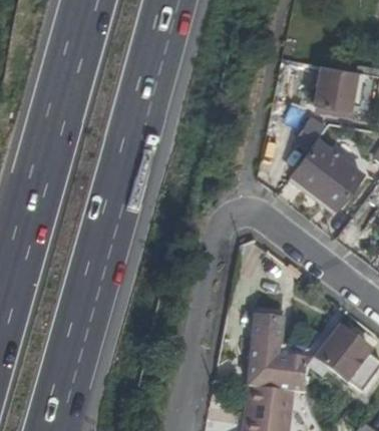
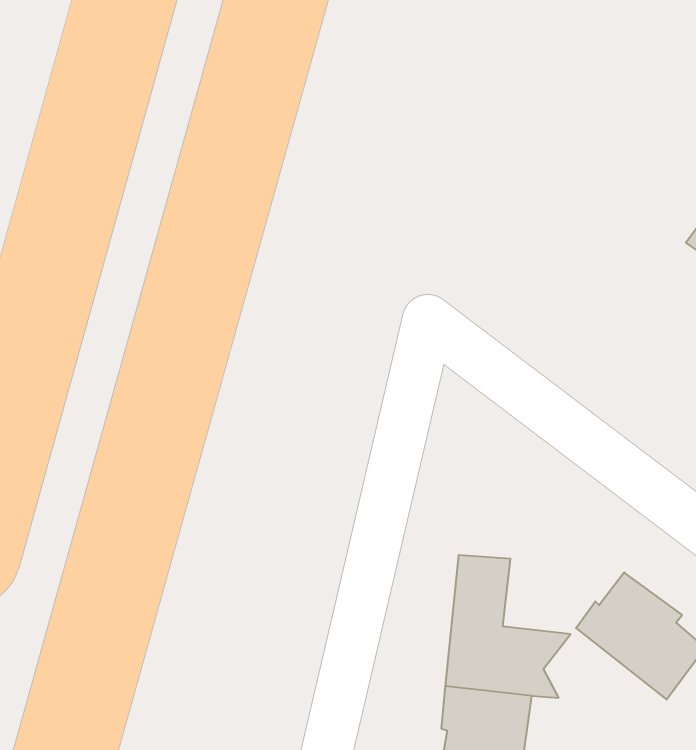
building: [314,65,357,112] -> none
building: [290,141,362,209] -> none

